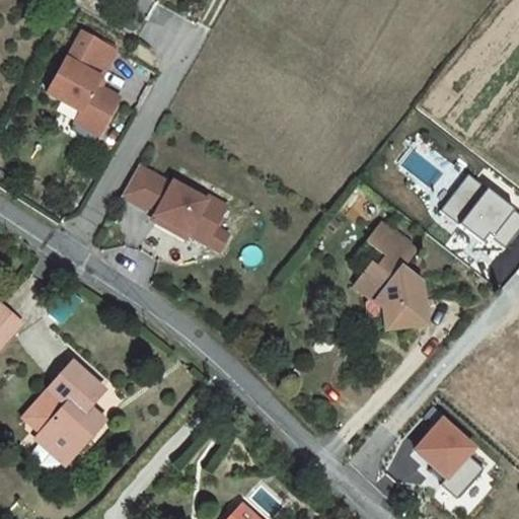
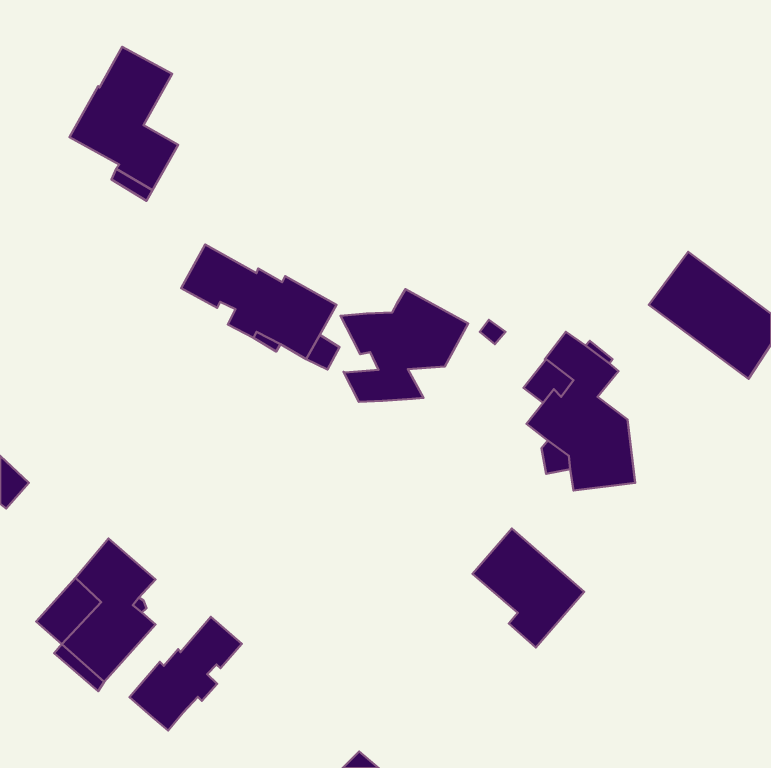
building: none -> [340,289,468,402]
building: none -> [130,617,242,731]
building: [415,421,490,501] -> [473,528,584,648]

